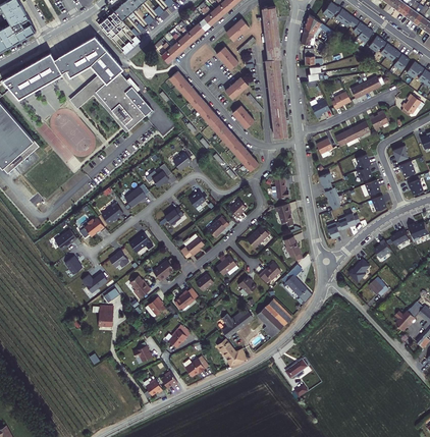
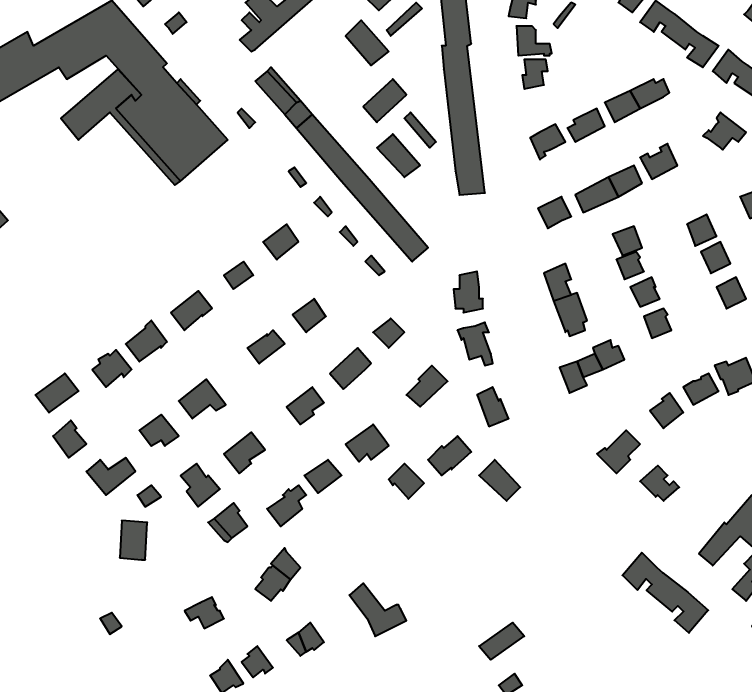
building: [222,292,291,337] -> none
building: none -> [622,553,708,633]

